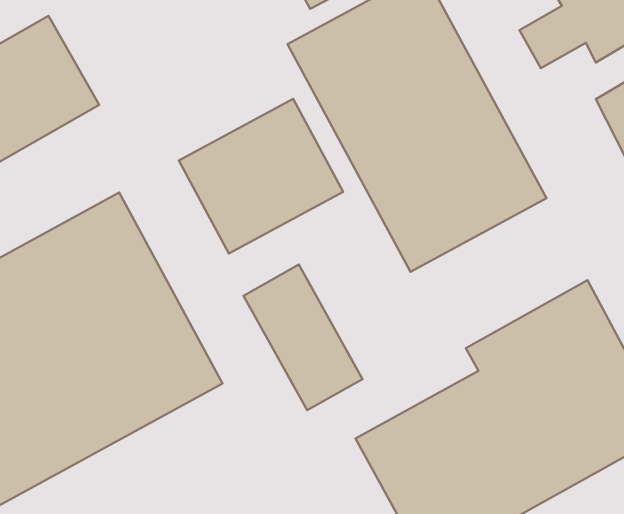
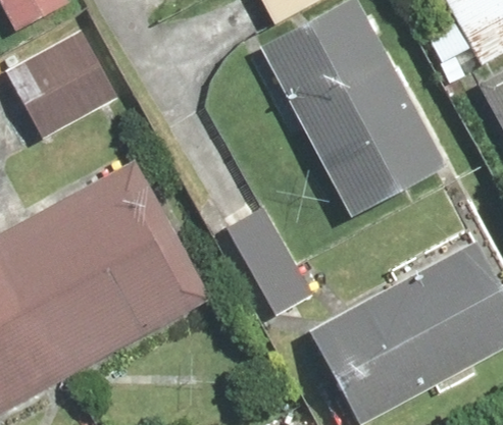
building: [179,99,343,253] -> none

